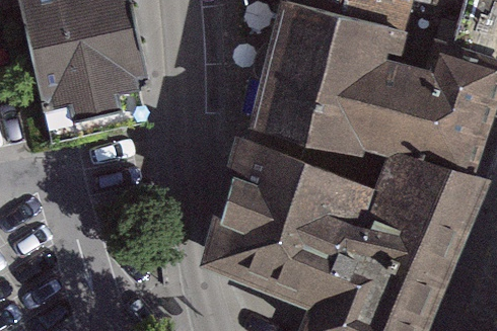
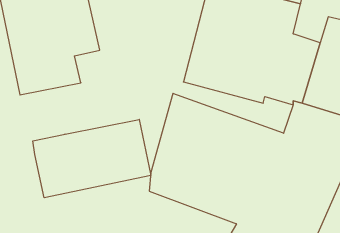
building: none -> [33,119,151,198]

